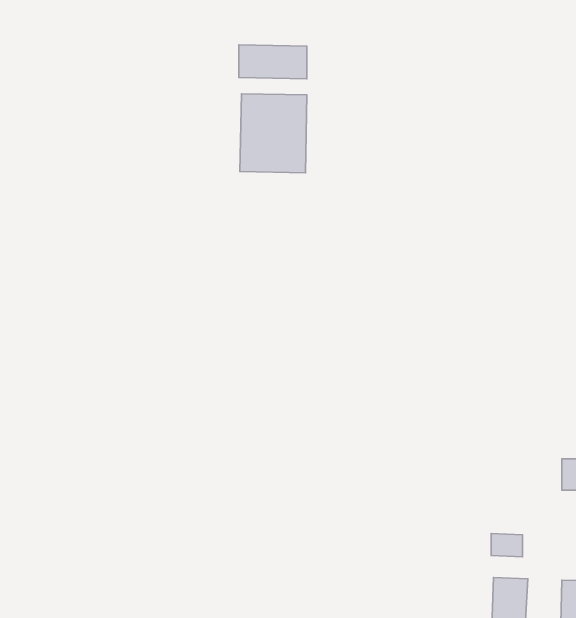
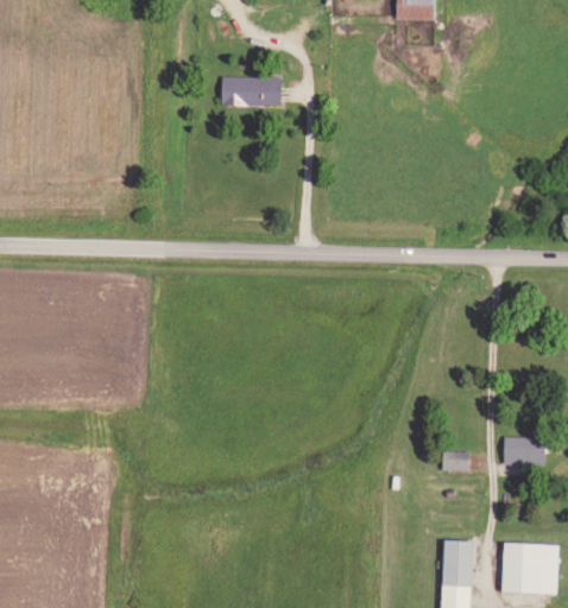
building: [240,94,307,173] -> none
building: [491,534,522,557] -> [442,450,469,470]

